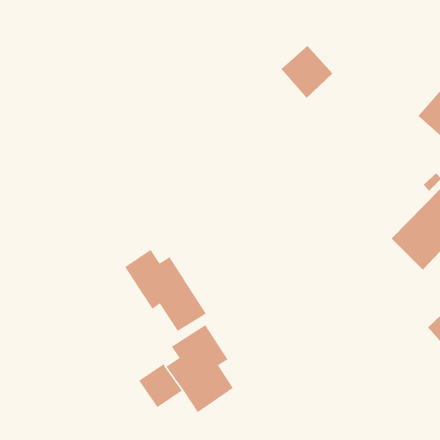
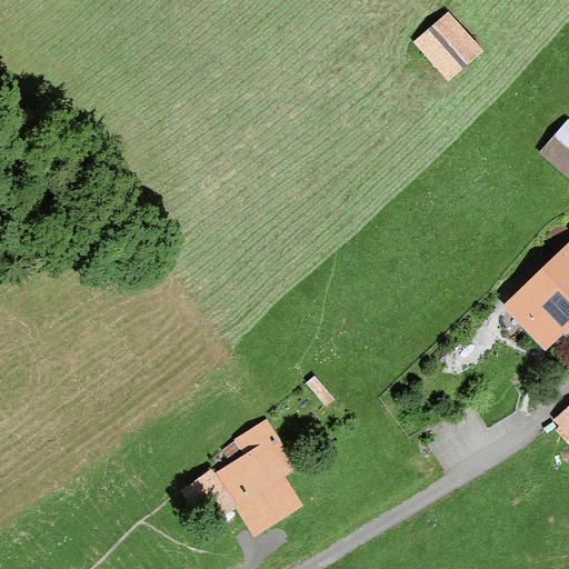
building: [281,45,333,99] -> [415,10,482,79]
building: [124,249,207,332] -> none

